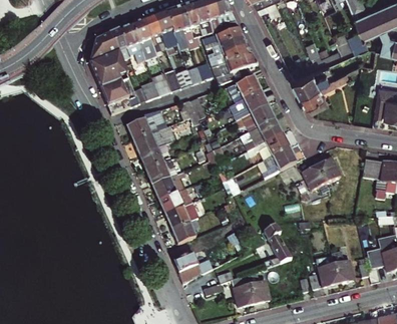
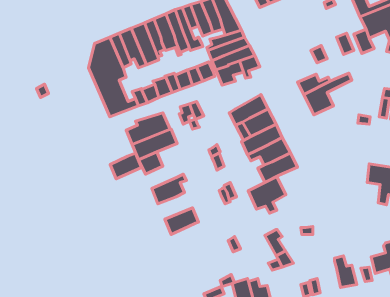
building: [228,80,260,108] -> none
building: [146,163,177,188] -> [110,153,142,179]
building: [303,165,340,201] -> [248,176,286,213]
building: [158,192,192,218] -> none
building: [171,222,198,248] -> none
building: [173,256,214,286] -> none
building: [317,259,338,289] -> none

